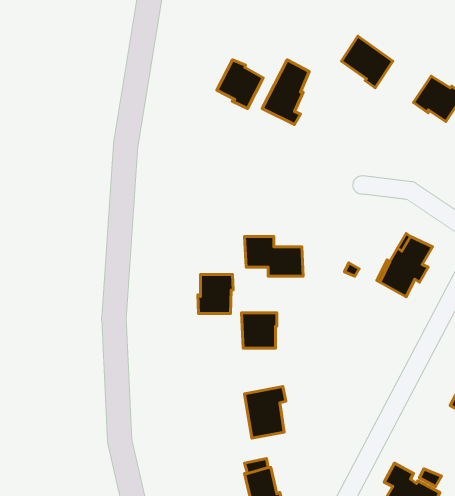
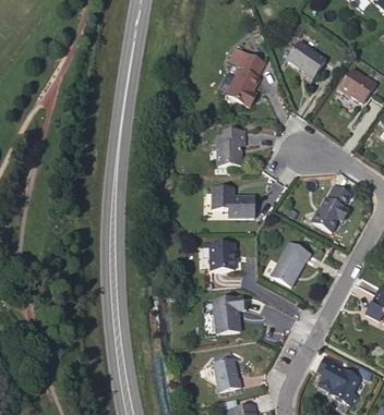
building: [217,60,263,109] -> none
building: none -> [215,129,242,164]
building: [198,275,233,313] -> none
building: none -> [272,241,313,286]

